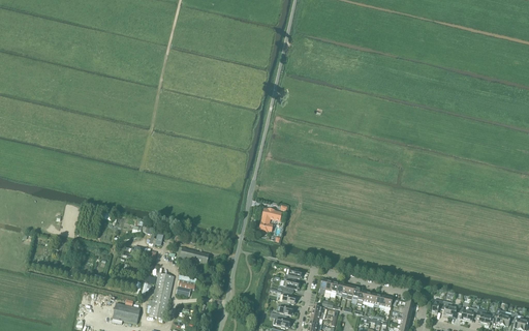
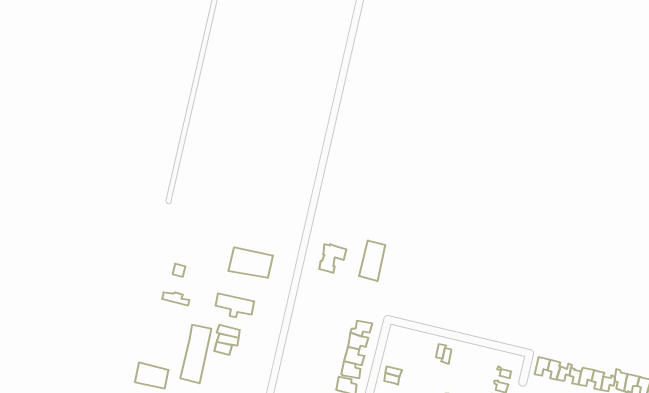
building: none -> [359,240,385,281]
building: none -> [229,247,273,278]

